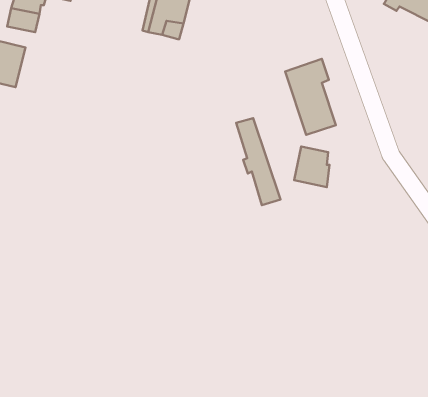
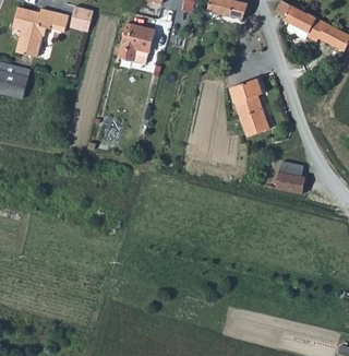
building: [236,118,280,205] -> none
building: [294,146,330,187] -> [277,163,304,194]

